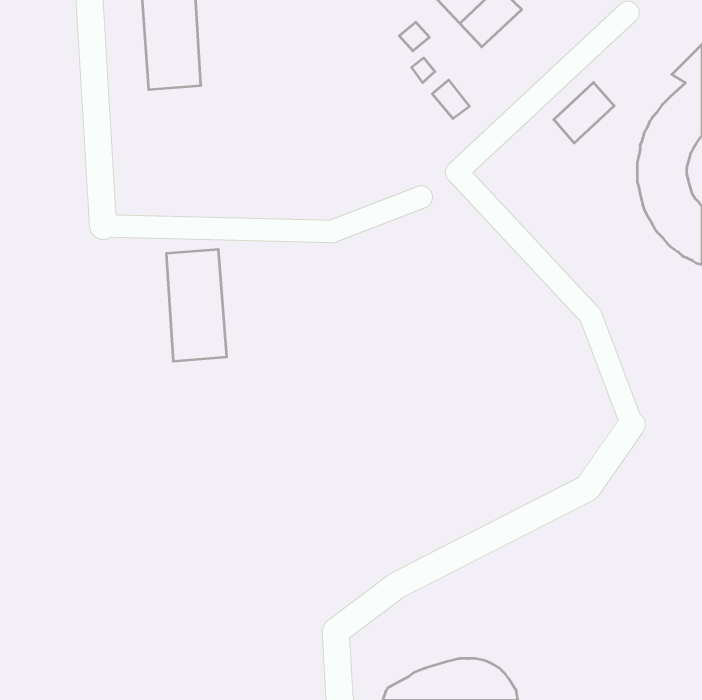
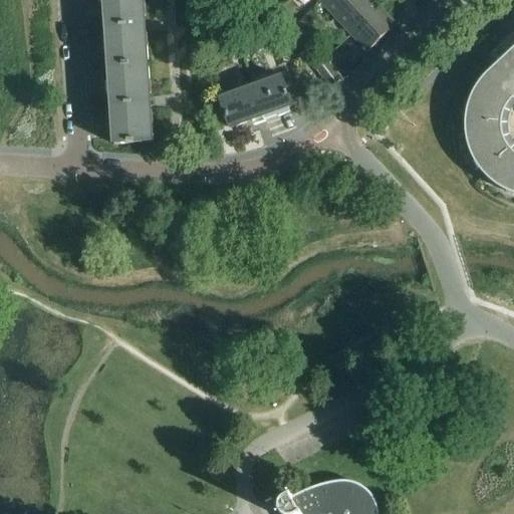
building: [554,82,614,143] -> [351,7,396,51]
building: none -> [220,75,290,126]
building: [166,249,227,361] -> [108,62,153,144]

